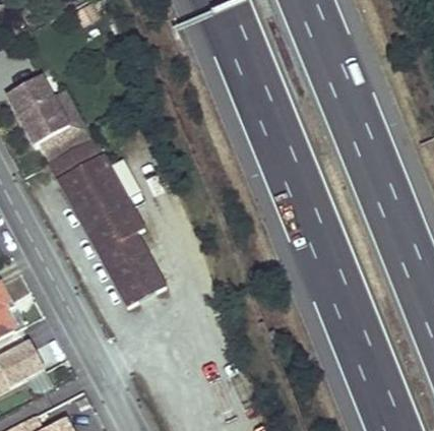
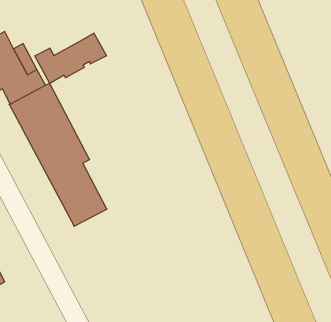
building: none -> [35,33,106,83]

